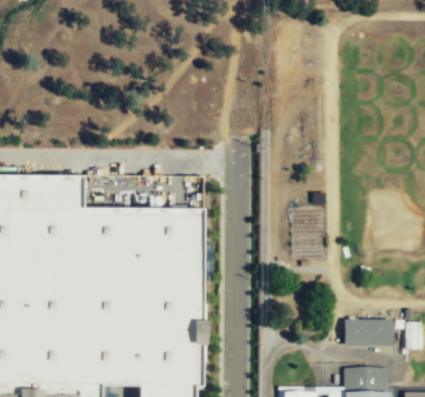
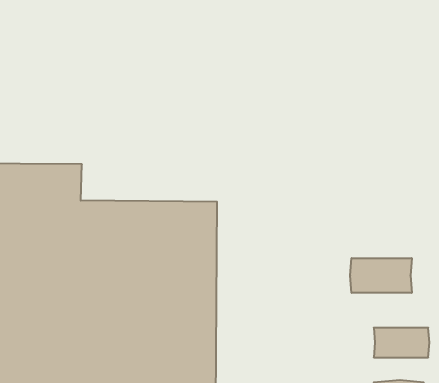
building: none -> [350,258,412,293]

